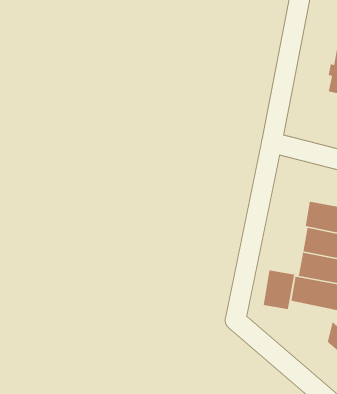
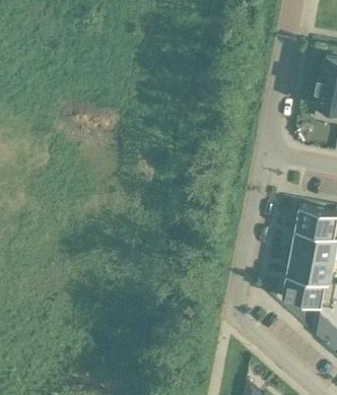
building: [263,269,295,315] -> none

